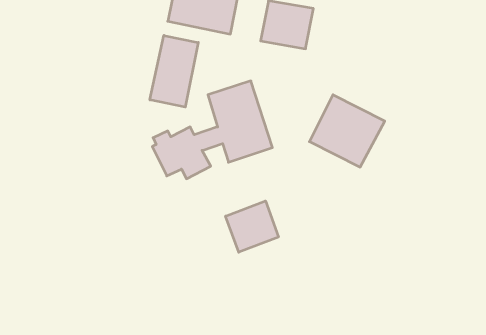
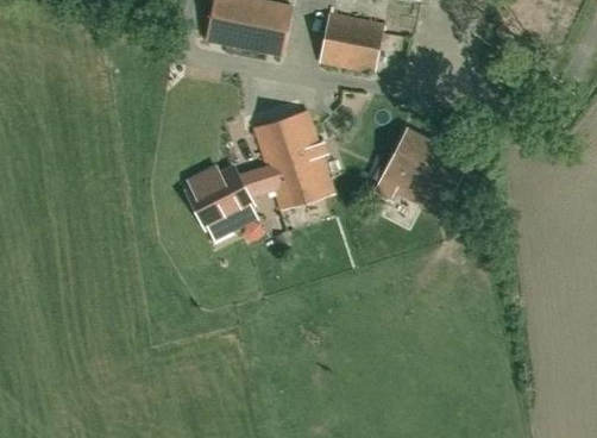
building: [150,35,198,107] -> none
building: [226,201,278,252] -> none

